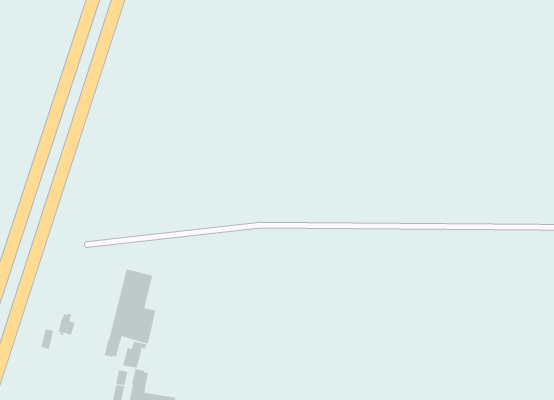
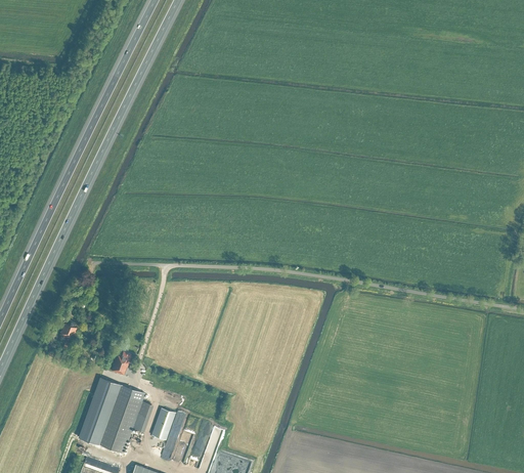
building: [104,269,156,357] -> none

